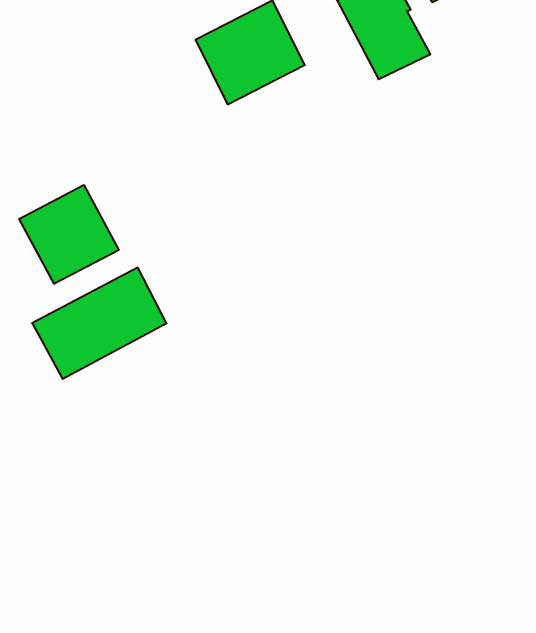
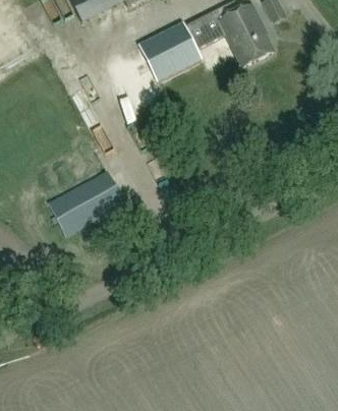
building: [19,185,119,284] -> none

